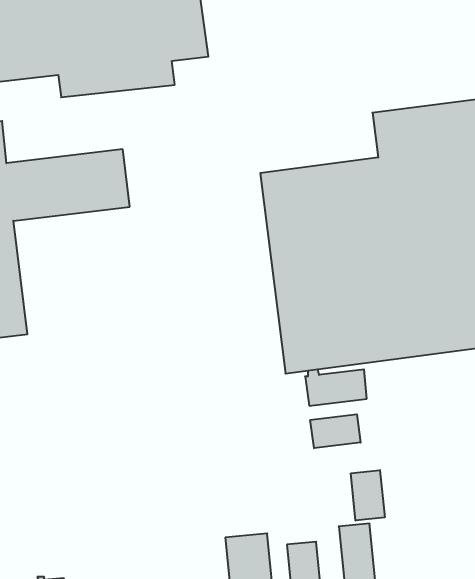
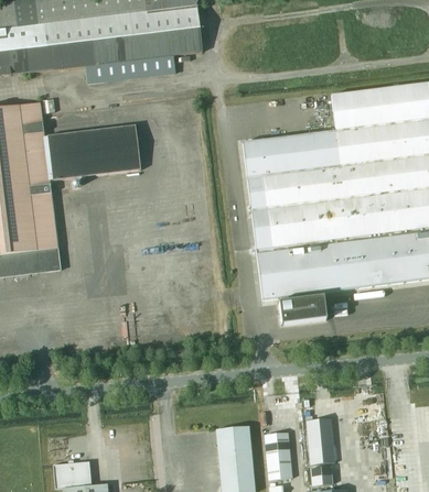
building: [310,414,361,448] -> none
building: [351,470,385,521] -> none

